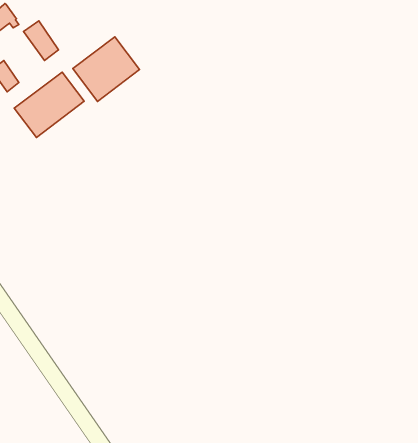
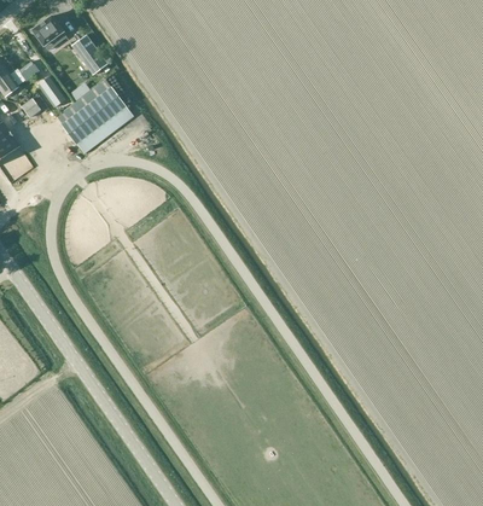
building: [73,37,140,101] -> none

